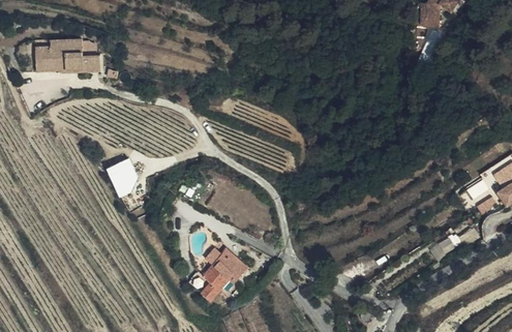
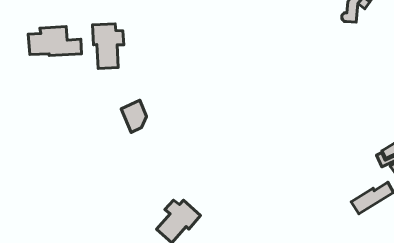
building: none -> [93,24,124,68]
building: [107,157,138,197] -> [121,100,147,133]

